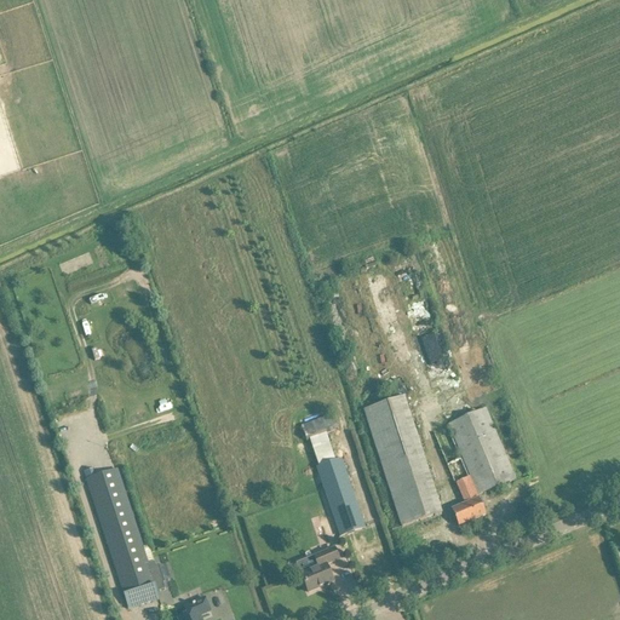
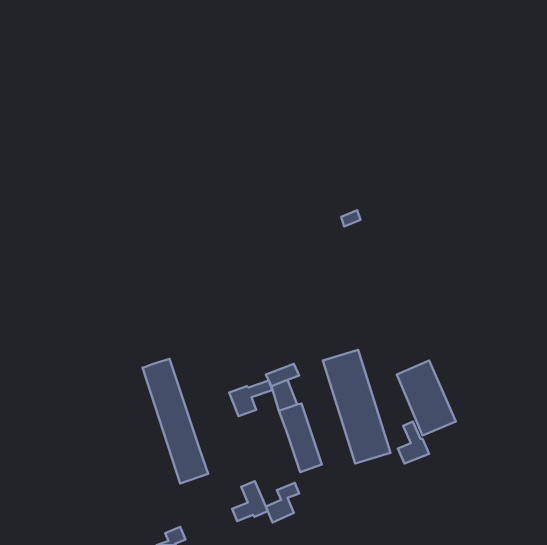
building: none -> [229,381,272,416]
building: [85,466,159,607] -> [143,359,208,483]
building: none -> [232,481,268,521]

